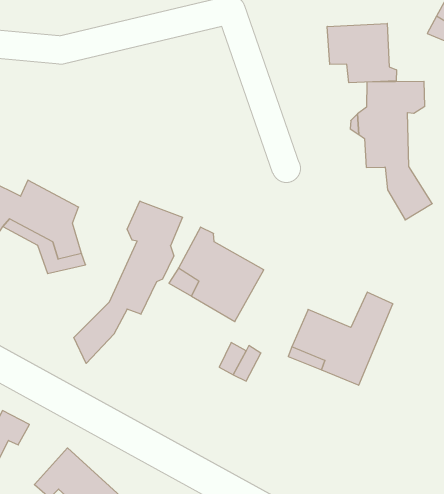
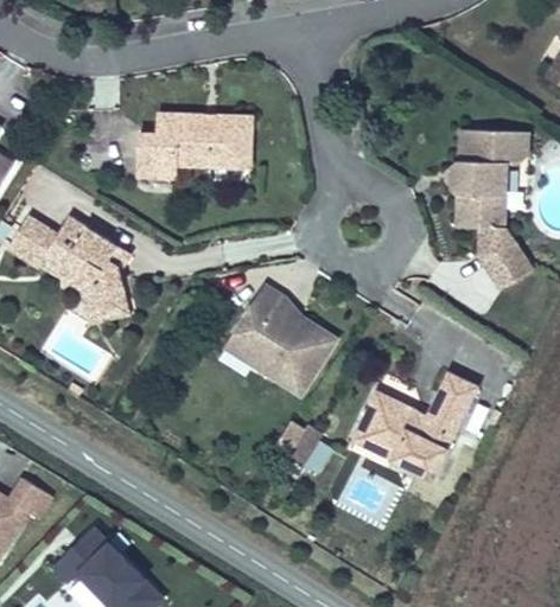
building: [327,23,396,83] -> none
building: none -> [131,114,252,179]
building: [74,201,182,363] -> none

